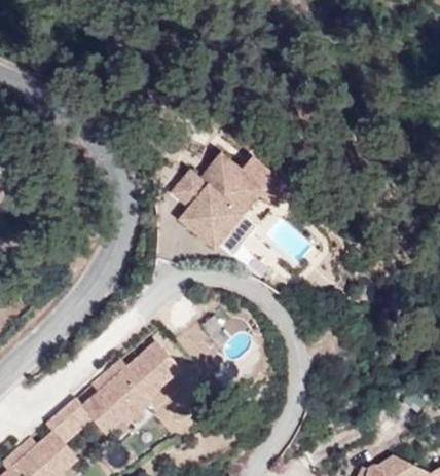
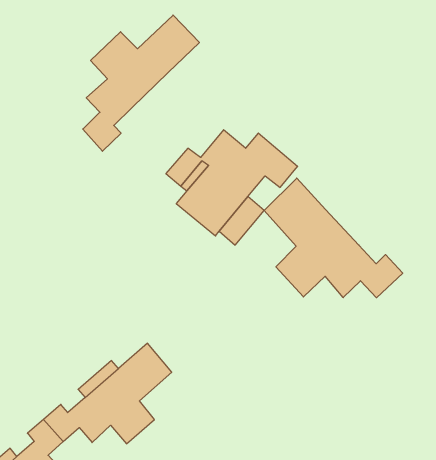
building: none -> [83,15,199,151]
building: none -> [264,178,403,298]

